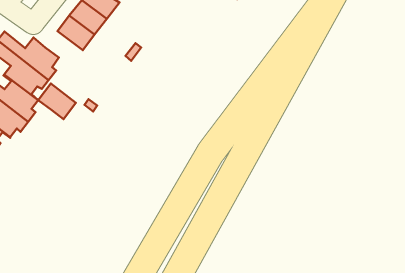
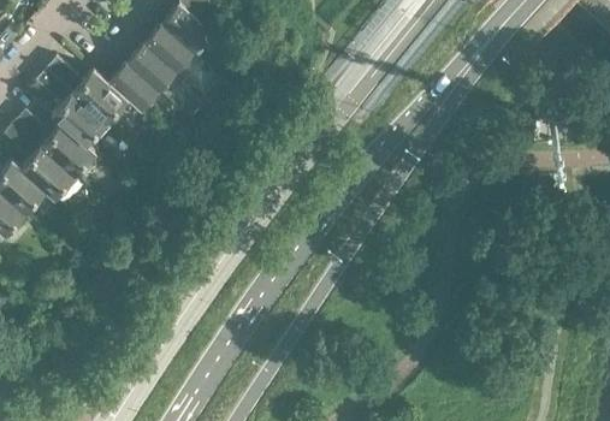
building: [38,84,76,119] -> [108,63,158,111]

